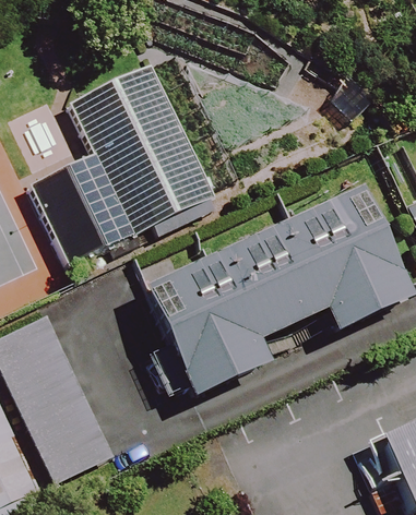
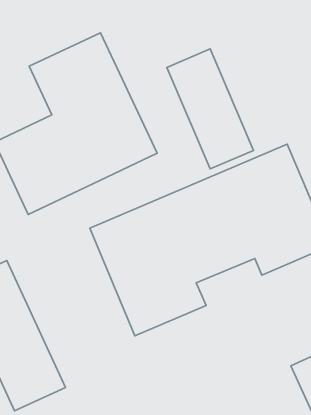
building: none -> [167,49,254,169]

